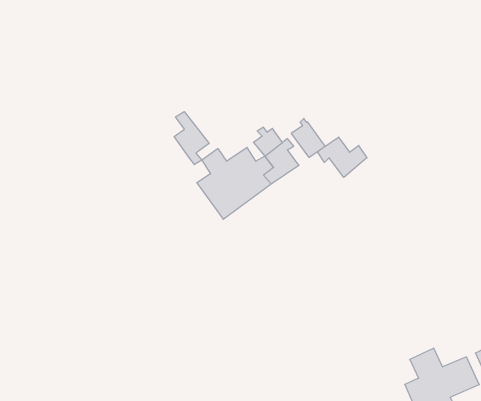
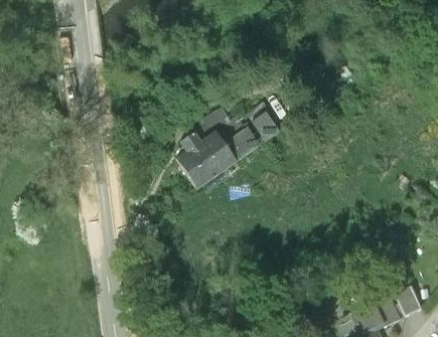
building: [174,112,209,165] -> none
building: [317,137,367,177] -> none

